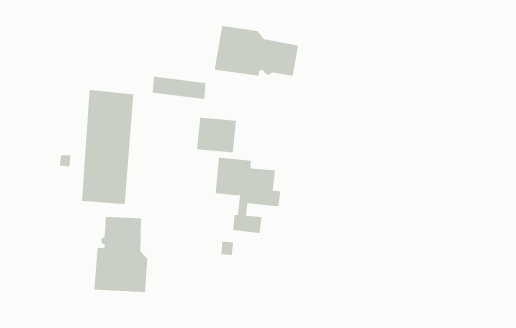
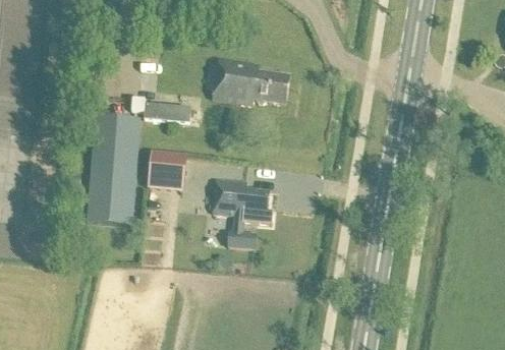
building: [196,117,237,153] -> [149,151,186,183]
building: [94,216,148,293] -> none

